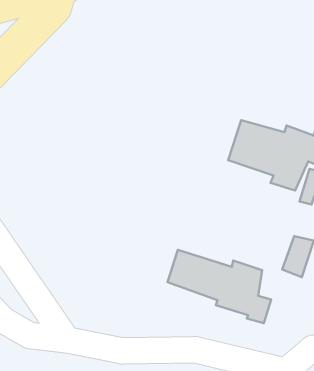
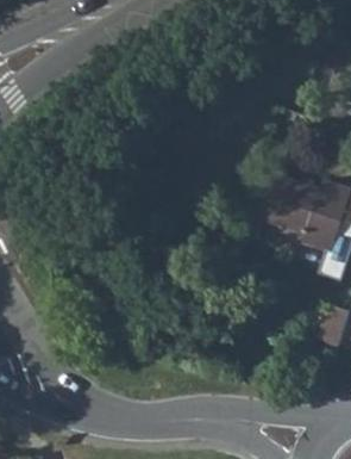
building: [167,250,271,323] -> none

